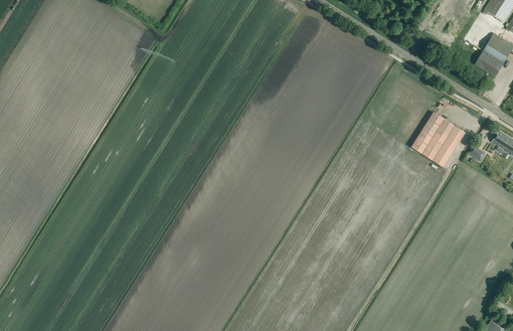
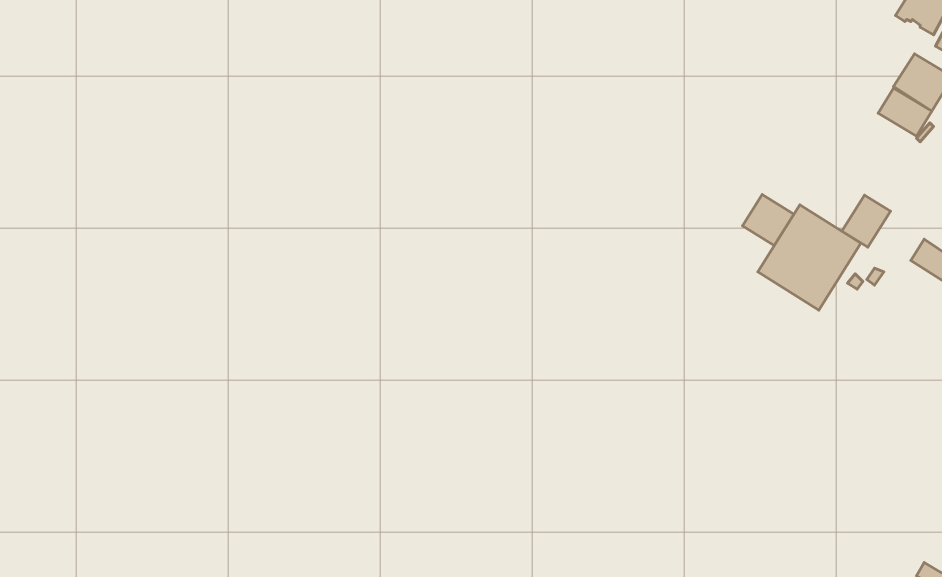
building: none -> [742,194,794,246]
building: none -> [842,195,891,247]

